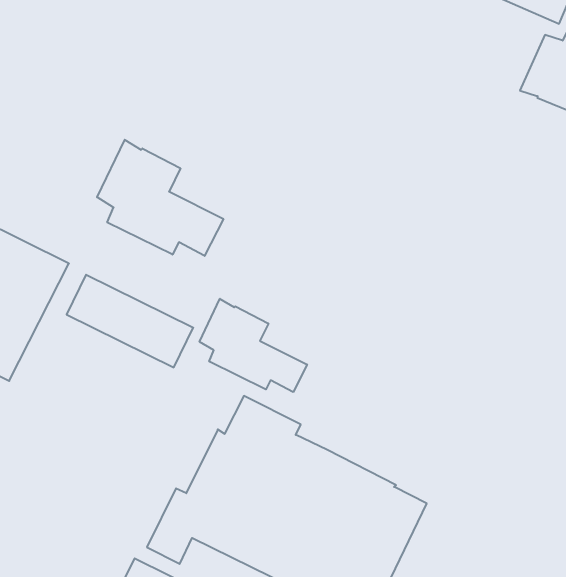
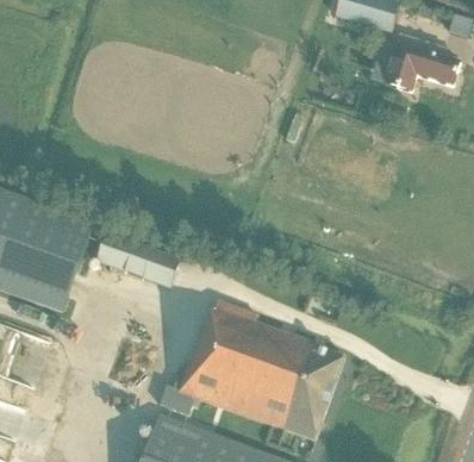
building: [97,140,223,256] -> none
building: [200,299,307,392] -> none

